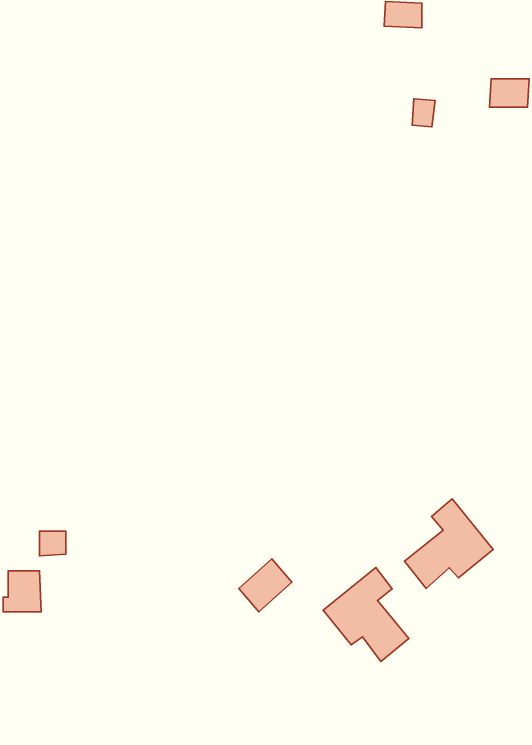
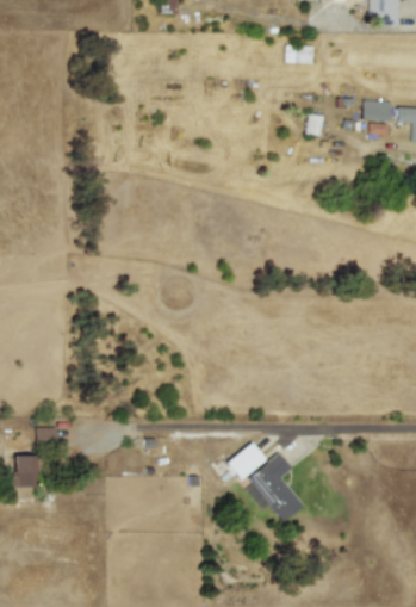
building: [404,499,493,588] -> none
building: [239,559,292,612] -> [226,441,265,479]

